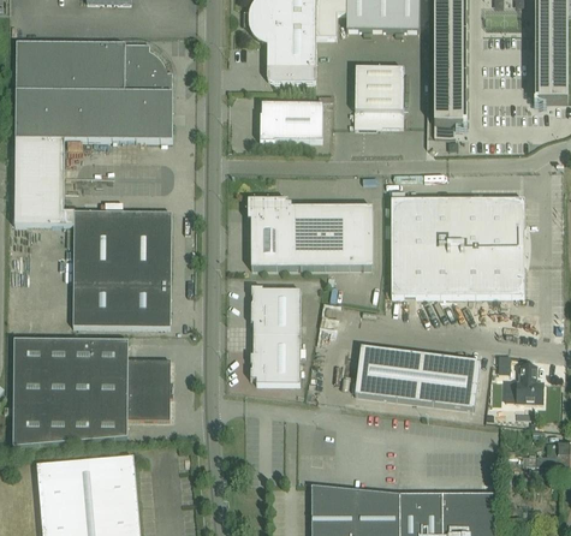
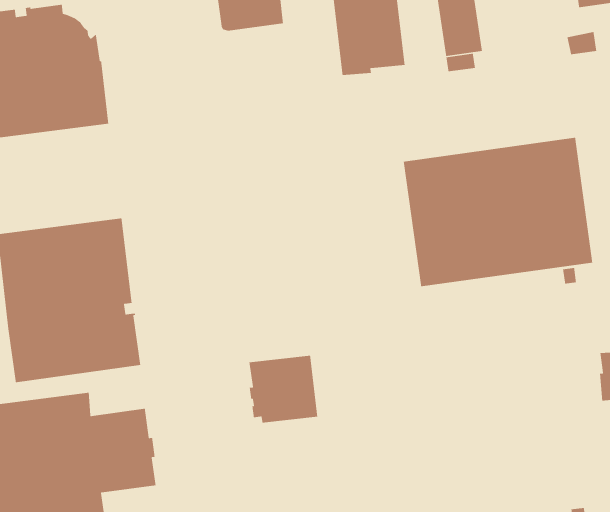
building: [260,102,322,141] -> none
building: [248,198,373,268] -> none
building: [250,286,301,335] -> none
building: [355,345,480,409] -> none

